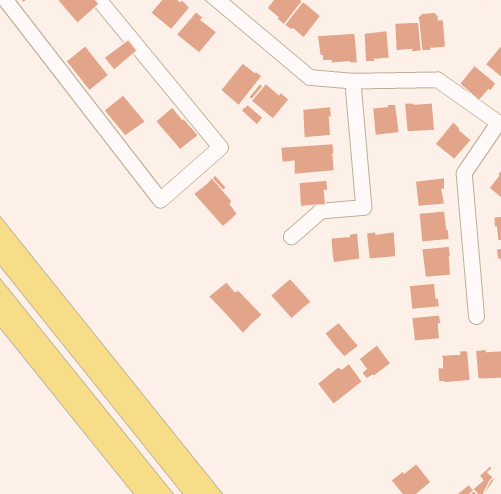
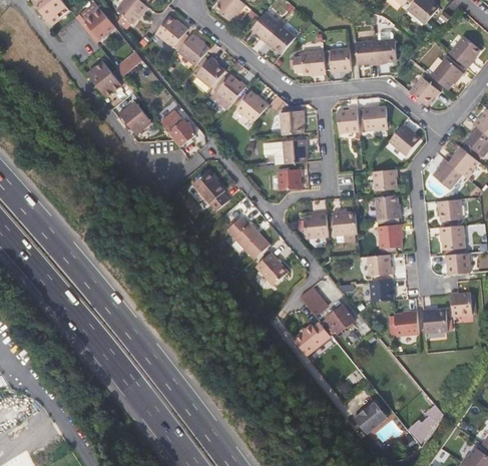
building: none -> [198,56,226,85]
building: [208,282,262,333] -> [225,214,270,257]

